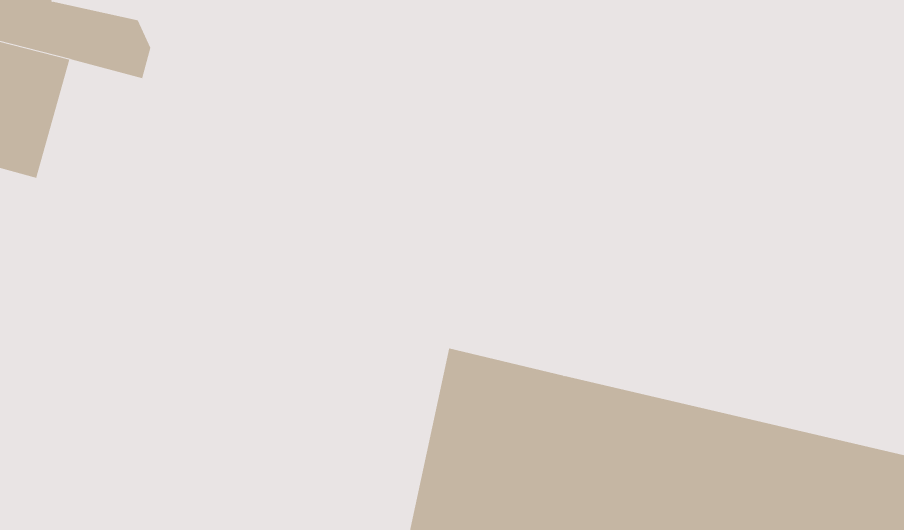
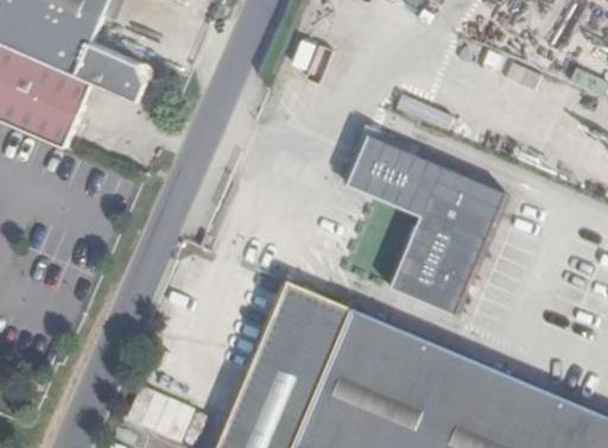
building: none -> [344,135,504,317]

